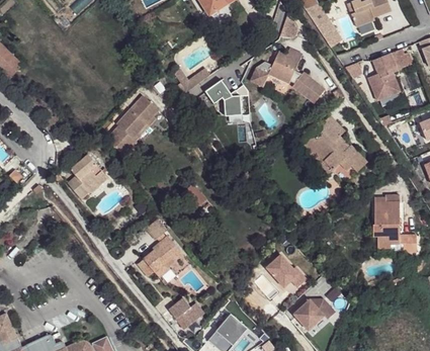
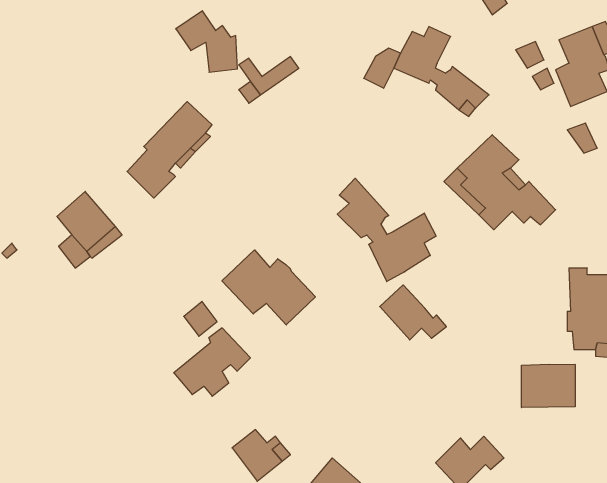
building: [205,81,243,118] -> [176,11,237,72]
building: none -> [337,178,436,282]
building: none -> [222,250,315,325]
building: none -> [522,364,575,408]
building: [267,256,308,289] -> [380,285,446,340]

